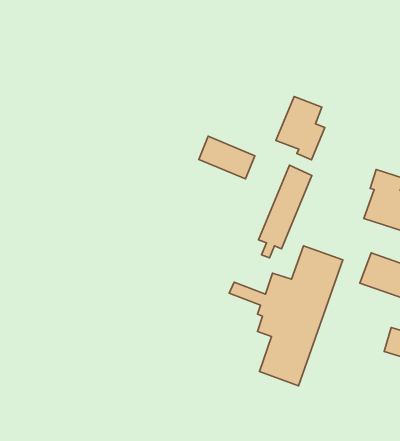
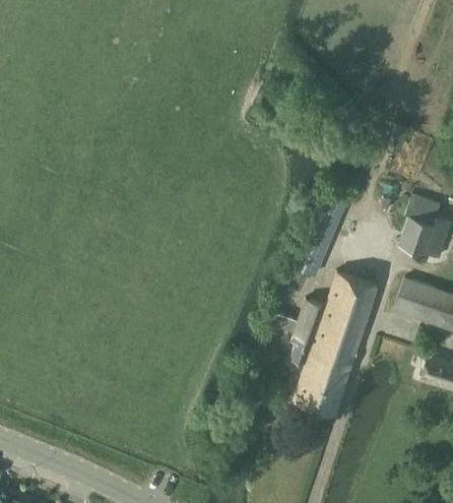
building: [276,97,325,160] -> none
building: [199,136,255,179] -> none

